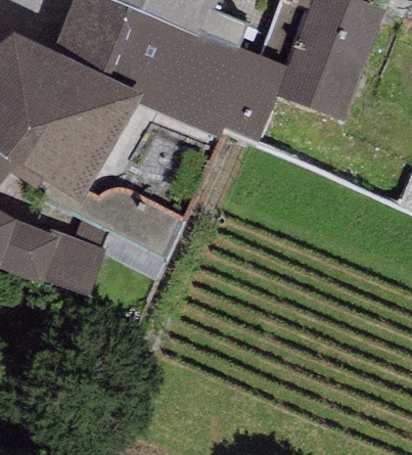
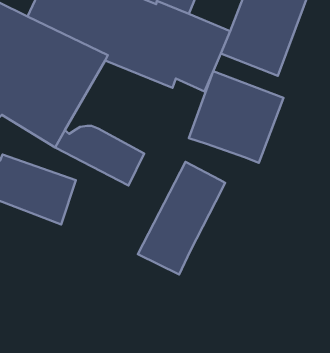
building: none -> [189,71,283,163]
building: none -> [138,162,225,274]

